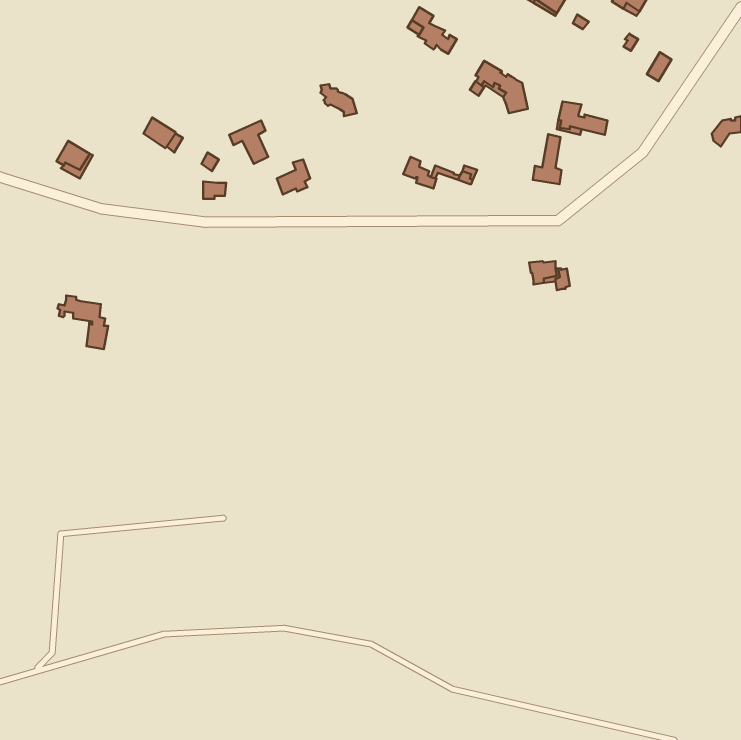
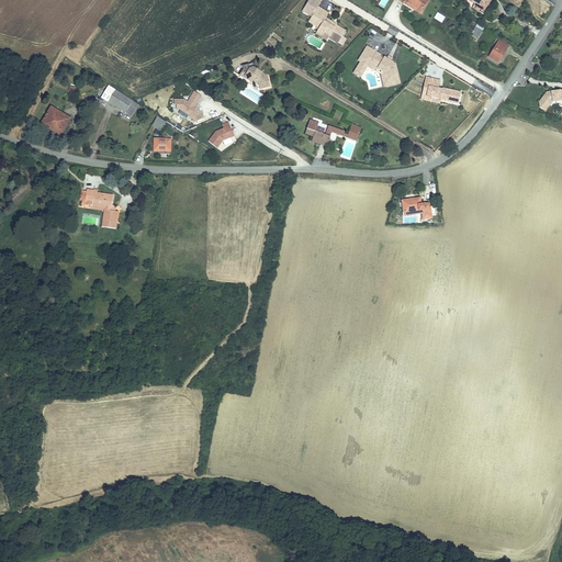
building: [533,134,562,184] -> none
building: [57,295,108,349] -> [80,188,119,228]

